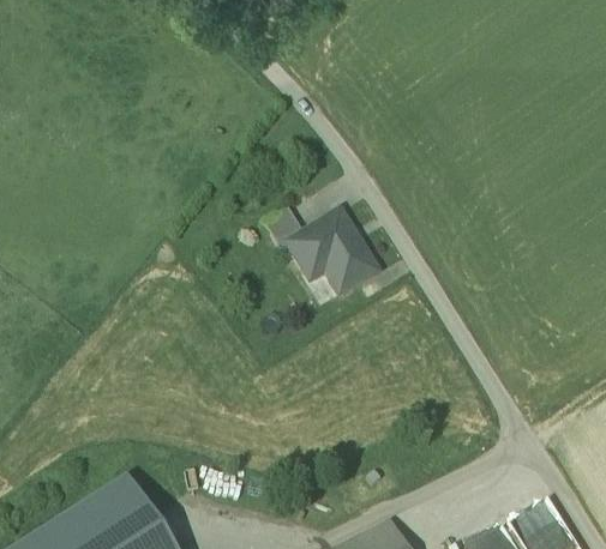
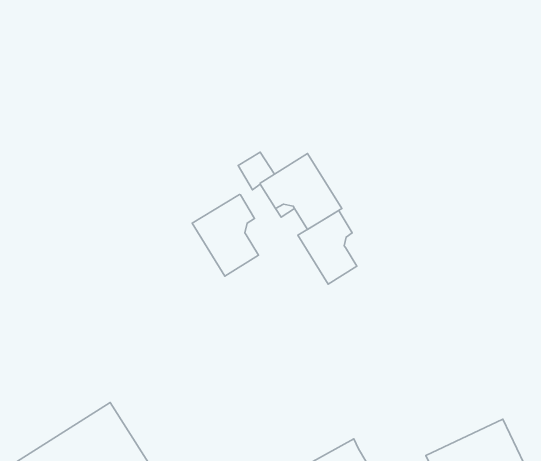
building: none -> [192,194,259,276]
building: none -> [298,211,357,284]

